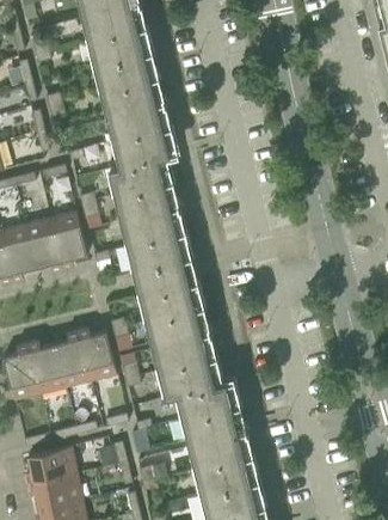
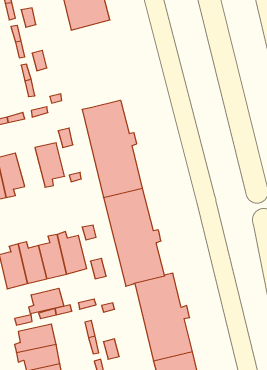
building: [96,53,171,166] -> none
building: [24,218,62,273] -> none
building: none -> [29,288,64,314]

